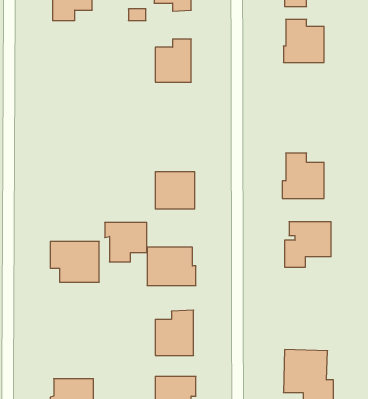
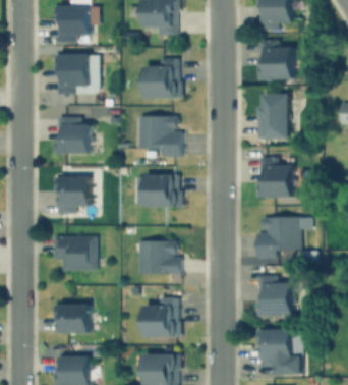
building: none -> [54,54,92,94]
building: none -> [257,95,289,139]
building: none -> [137,116,181,157]
building: none -> [54,117,92,154]
building: [105,222,147,262] -> [54,178,91,213]
building: none -> [256,277,294,316]
building: none -> [54,305,91,333]

